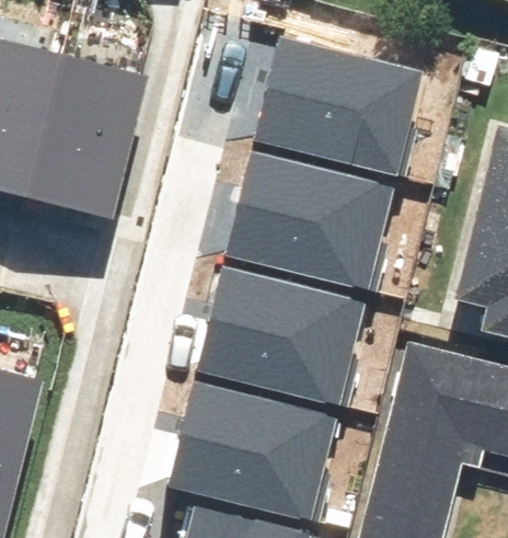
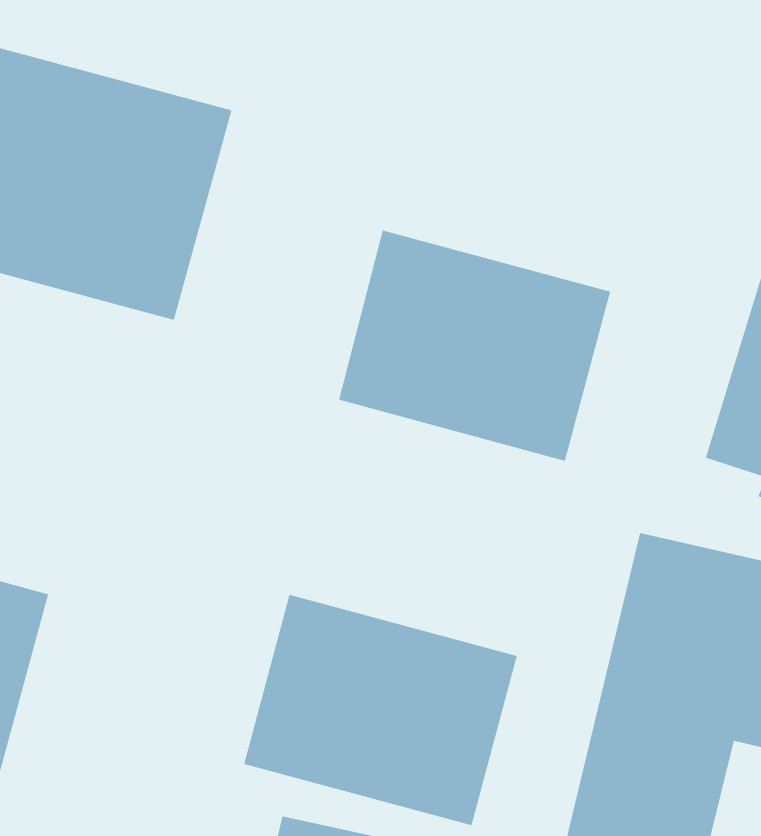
building: [251,38,422,183] -> none
building: [194,267,365,411] -> none

